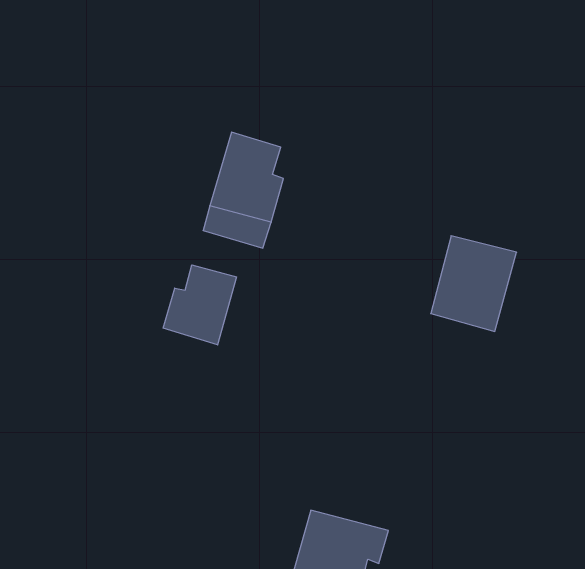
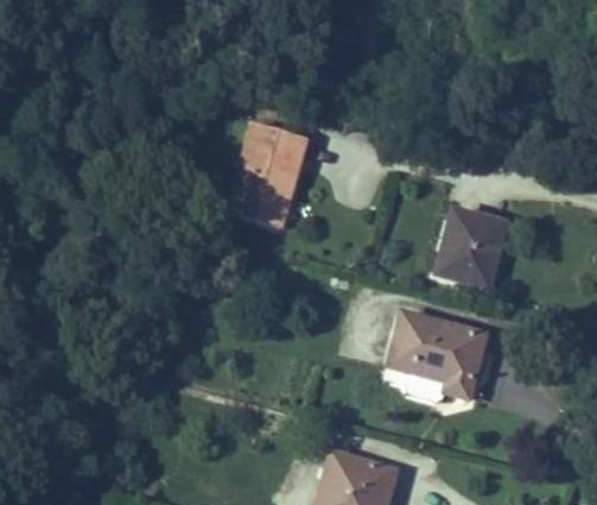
building: [163,265,237,345] -> none
building: none -> [385,310,483,398]

